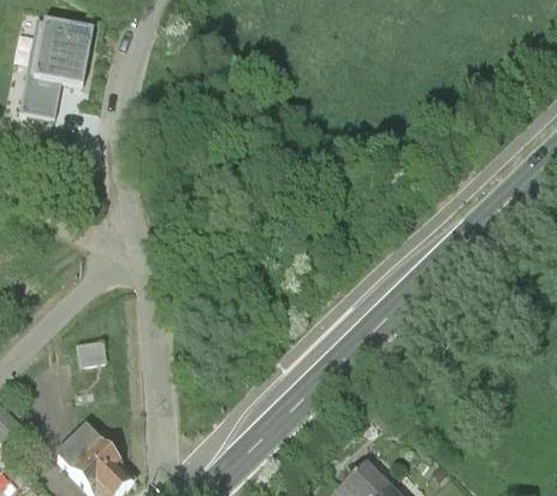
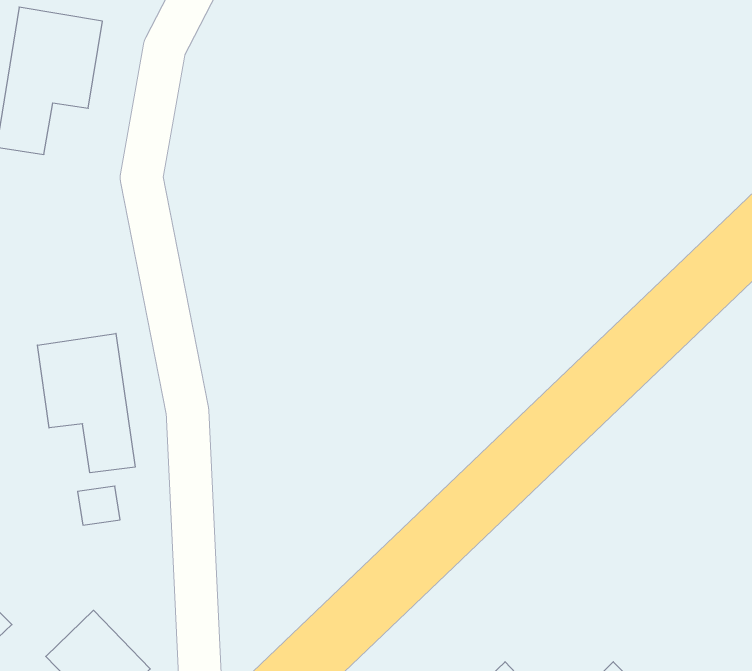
building: none -> [37,333,135,473]

